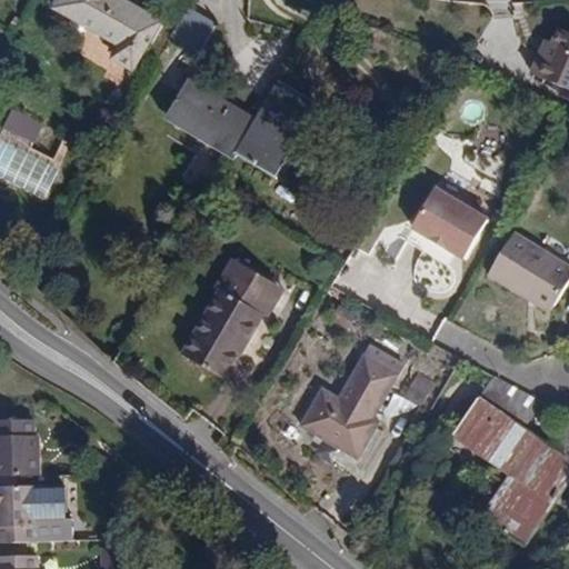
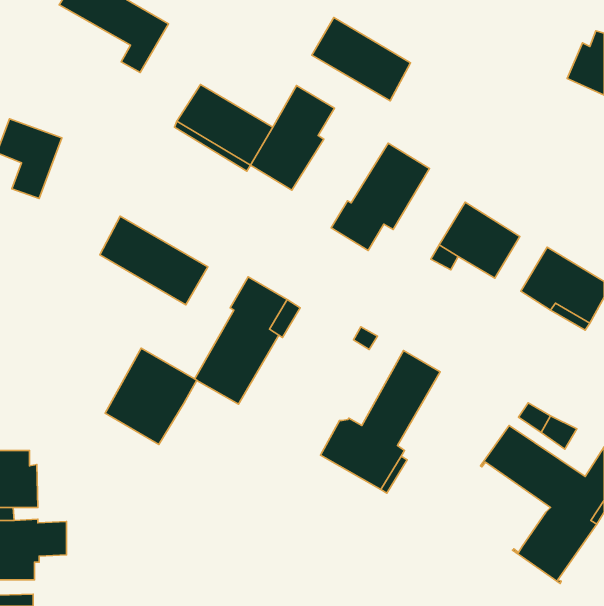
building: none -> [312,18,410,101]
building: none -> [331,143,429,251]
building: none -> [100,216,208,305]
building: none -> [105,348,197,445]

